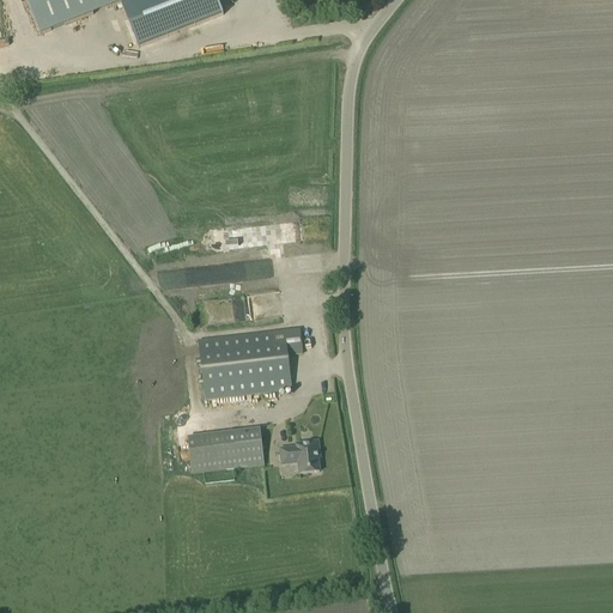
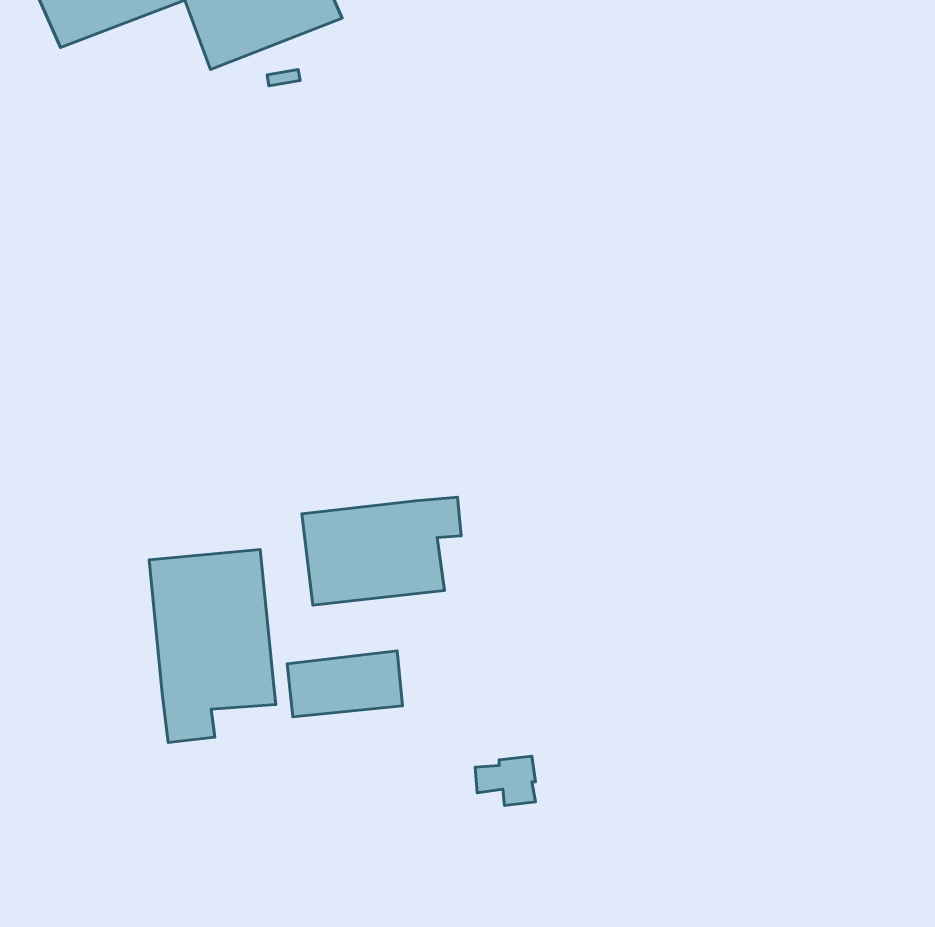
building: none -> [149,550,276,742]
building: [280,438,320,471] -> [475,756,536,806]

